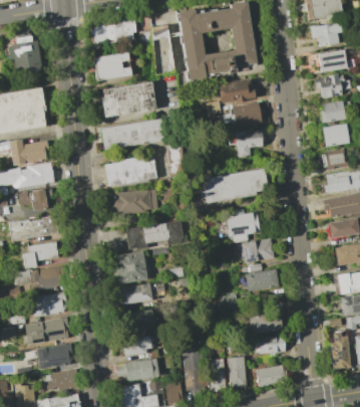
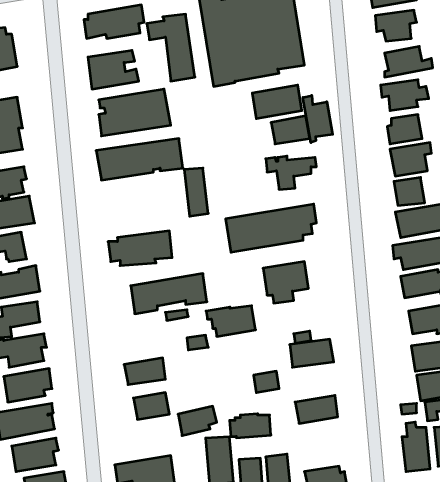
building: none -> [303,95,333,143]
building: [104,155,156,187] -> none
building: [237,239,274,262] -> [206,306,256,336]
building: [114,251,148,283] -> none
building: [123,335,152,357] -> [178,406,217,436]
building: [255,335,286,353] -> [230,414,271,438]

